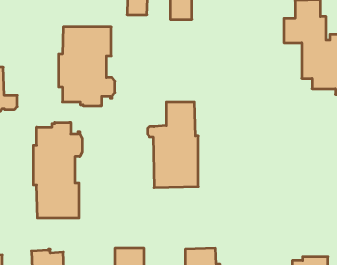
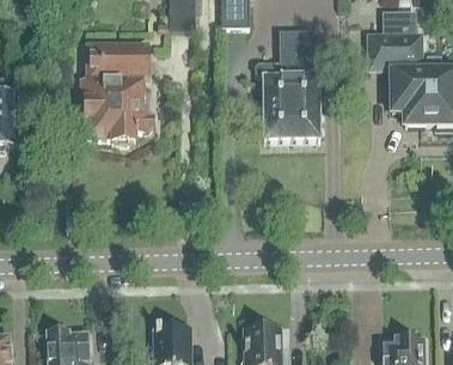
building: [148,102,198,188] -> [255,31,319,140]
building: [33,122,82,218] -> none

